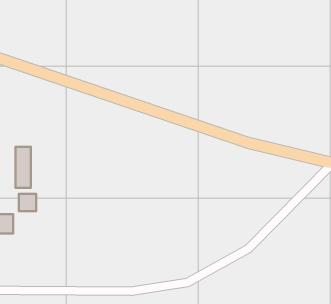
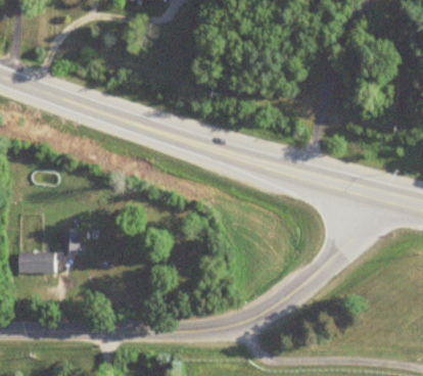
building: [16,147,31,188] -> none

